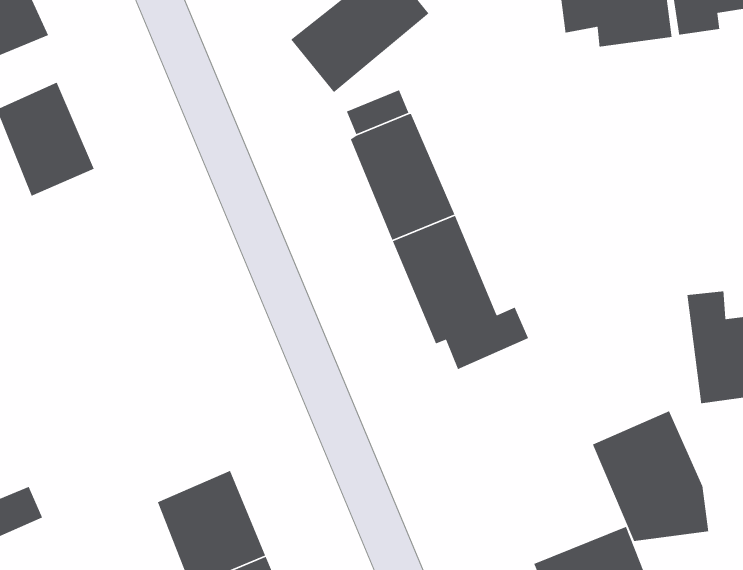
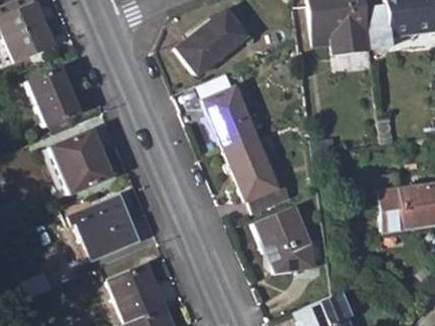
building: none -> [49,131,111,195]
building: none -> [65,197,137,263]
building: [592,410,709,542] -> [257,207,316,273]

